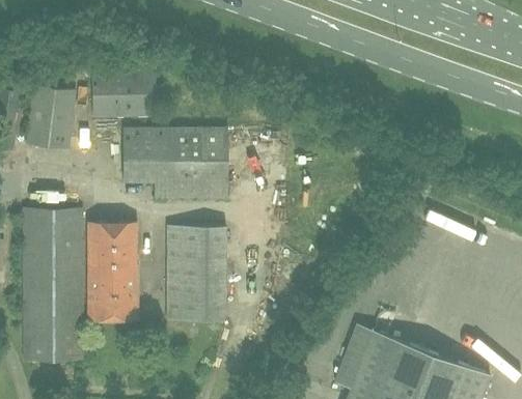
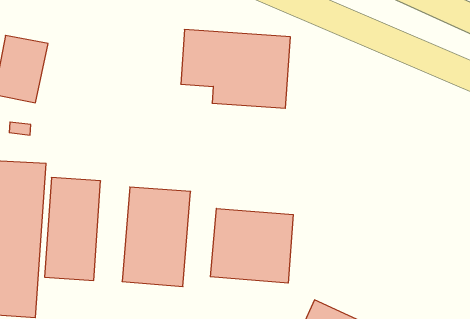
building: [91,68,156,118] -> none
building: [122,129,227,199] -> [181,30,290,108]
building: none -> [210,208,293,283]

